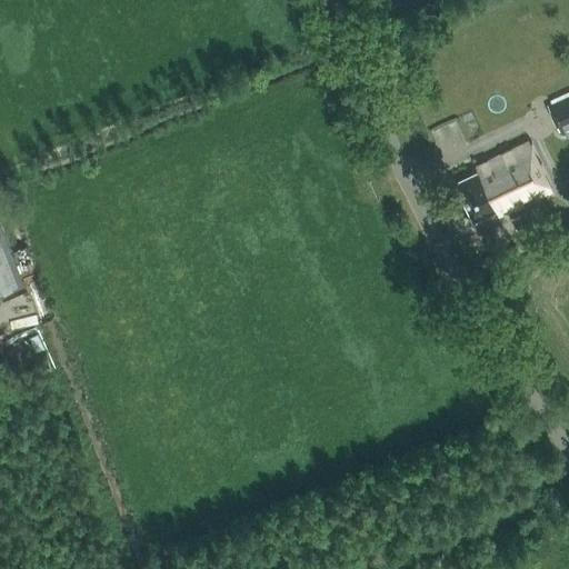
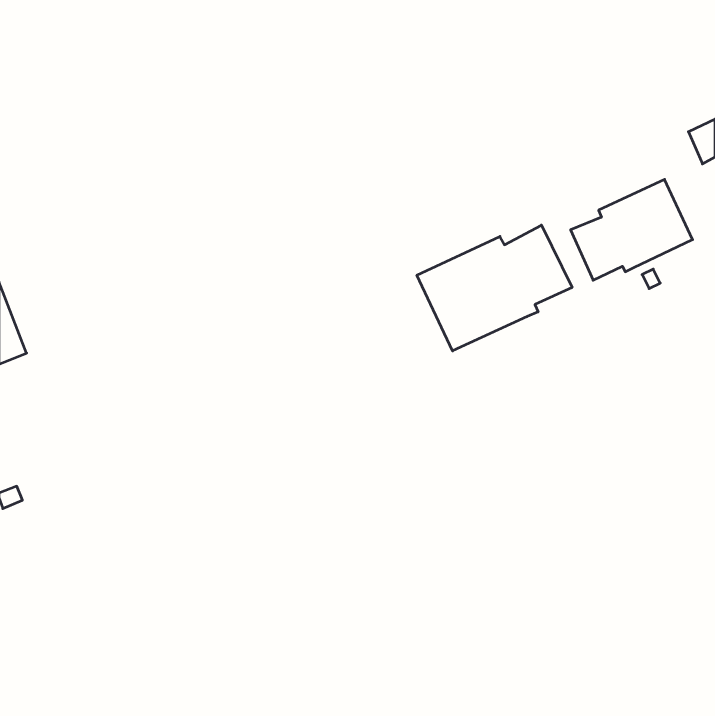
building: none -> [417,225,572,351]

